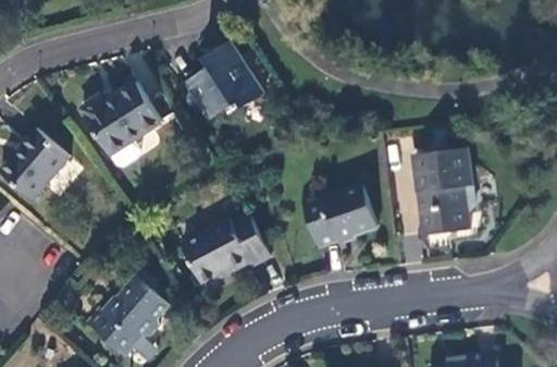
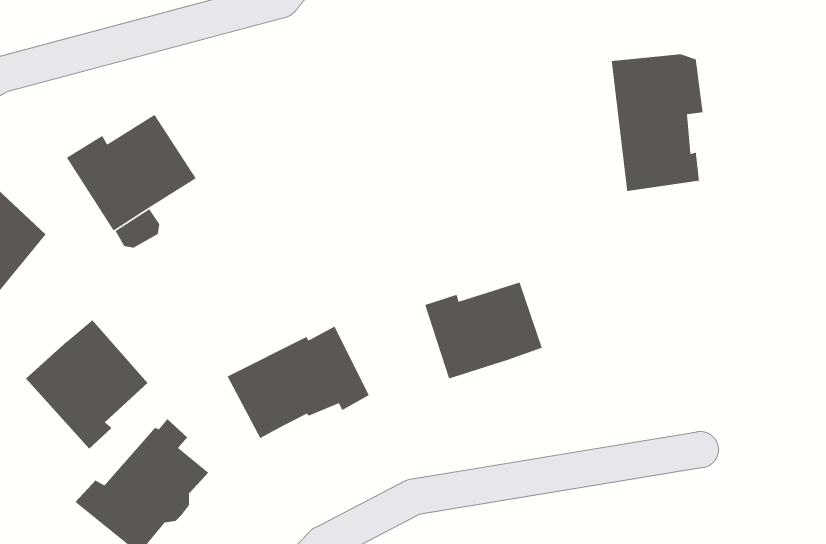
building: [183,41,263,119] -> none
building: [413,149,471,235] -> [611,53,703,192]
building: none -> [25,319,148,449]

